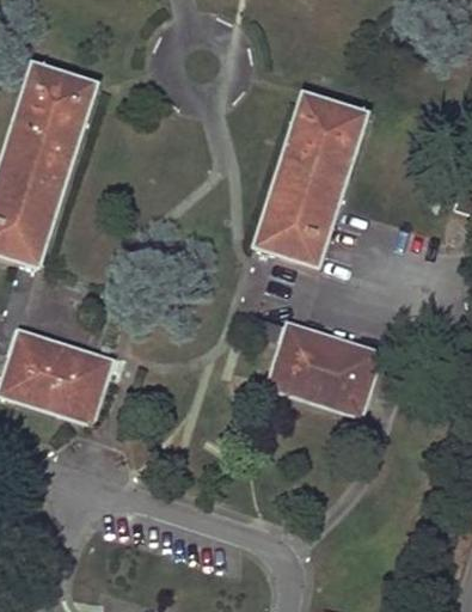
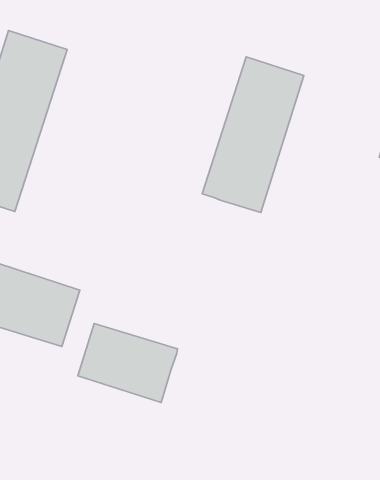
building: [264,320,381,417] -> none
building: none -> [78,324,177,403]

